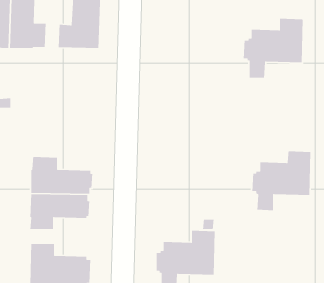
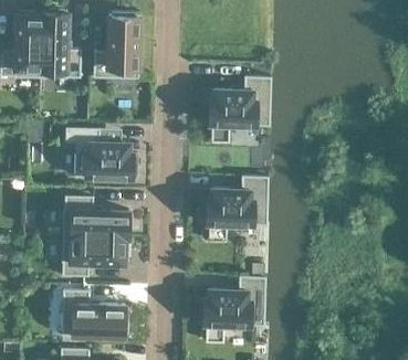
building: [243,18,303,78] -> [205,77,271,144]
building: none -> [65,129,137,179]
building: [252,150,311,211] -> [202,177,268,243]

